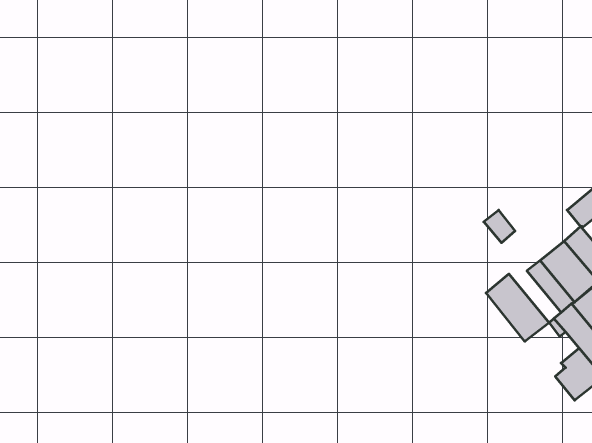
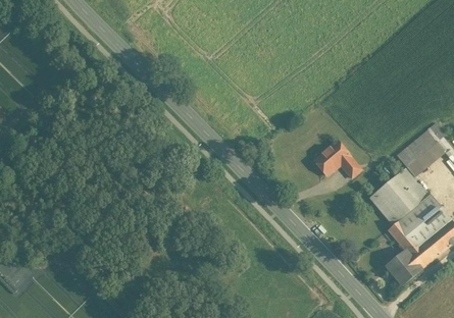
building: none -> [314,141,350,174]
building: [486,274,549,341] -> none

